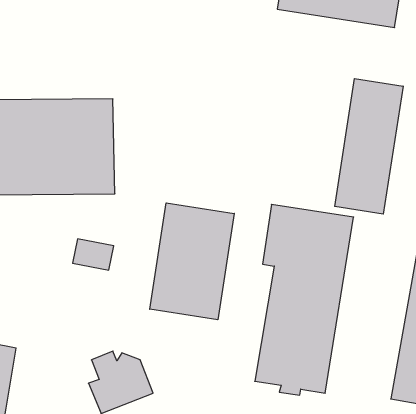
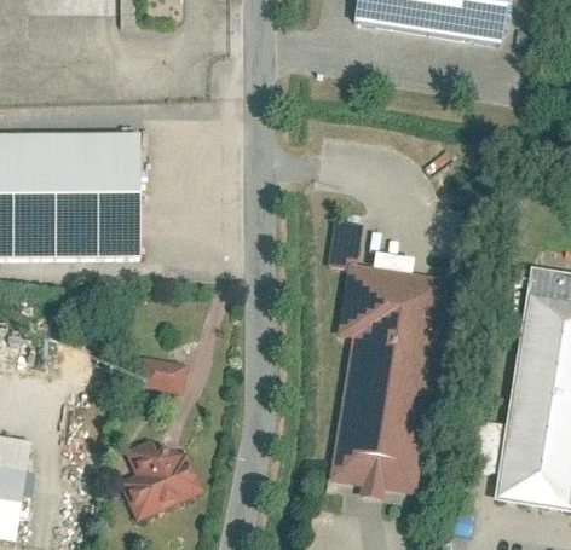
building: [335,79,403,214] -> none
building: [150,203,234,320] -> none
building: [73,239,114,270] -> [143,355,194,394]

